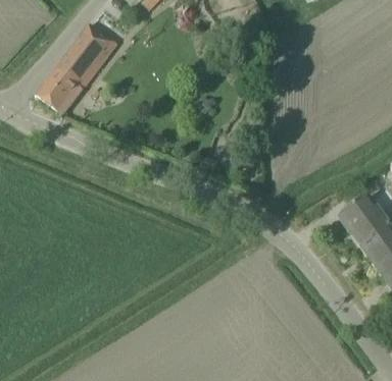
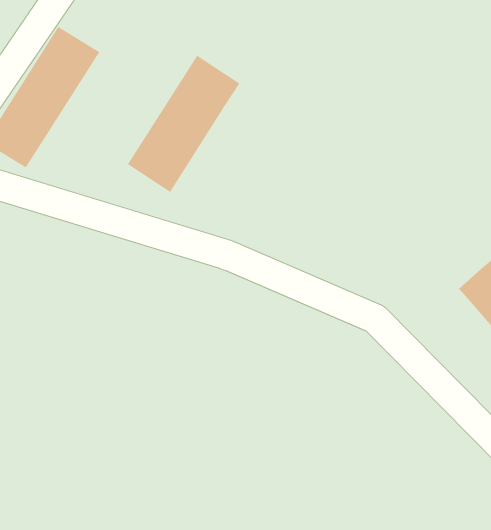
building: none -> [127,55,240,193]

